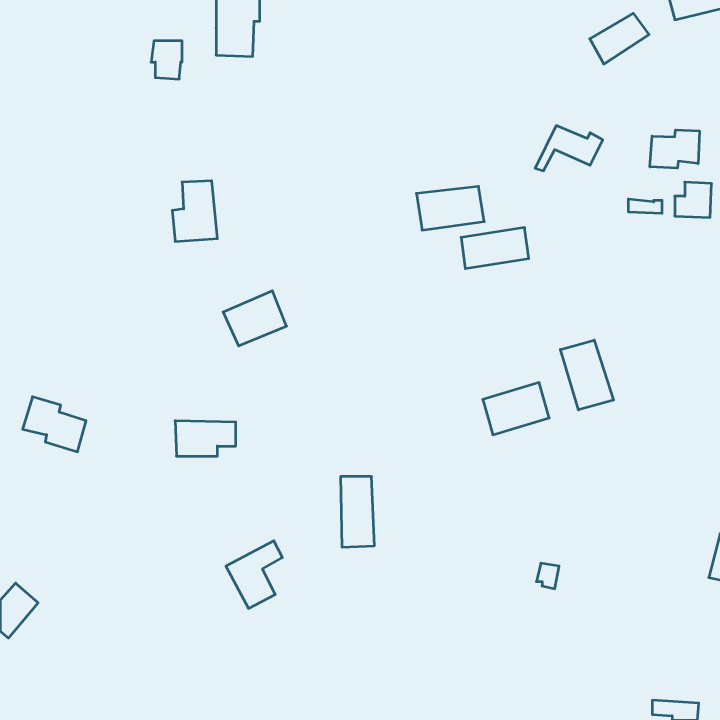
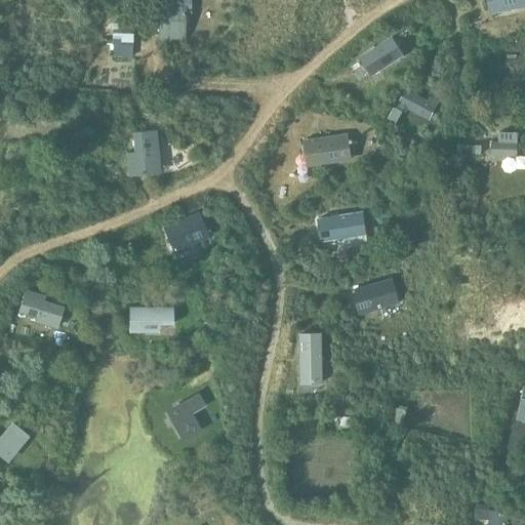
building: [590,13,649,64] -> [363,40,406,77]
building: [650,130,699,168] -> none
building: [461,228,529,269] -> [318,212,367,242]
building: [560,340,614,410] -> none
building: [341,477,374,547] -> [299,333,324,385]

